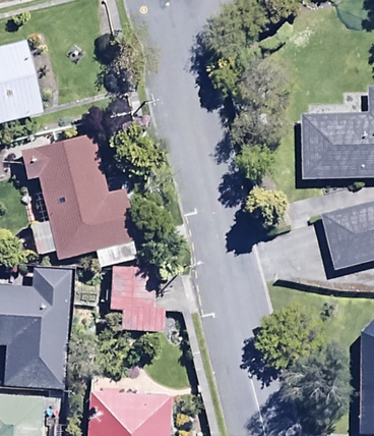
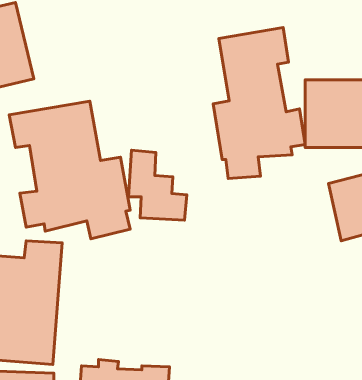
building: none -> [213,27,305,179]
building: [110,265,166,332] -> [128,150,187,220]

